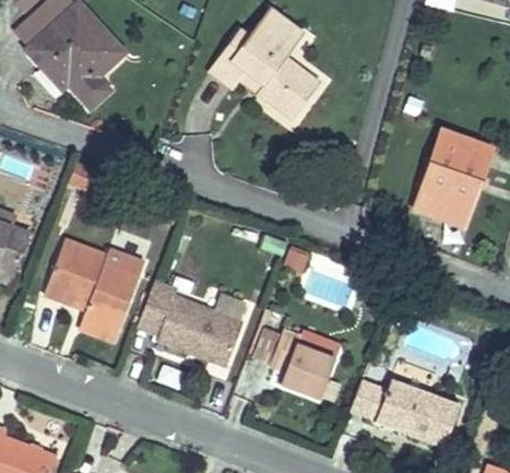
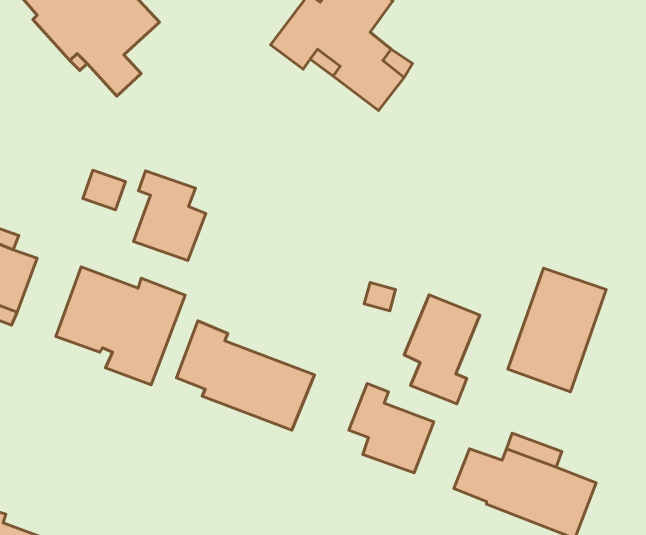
building: [414,130,489,225] -> [508,268,606,392]
building: none -> [133,171,206,260]
building: none -> [404,295,480,404]

